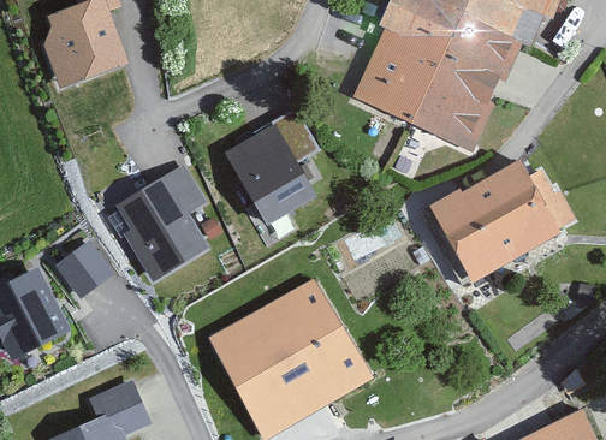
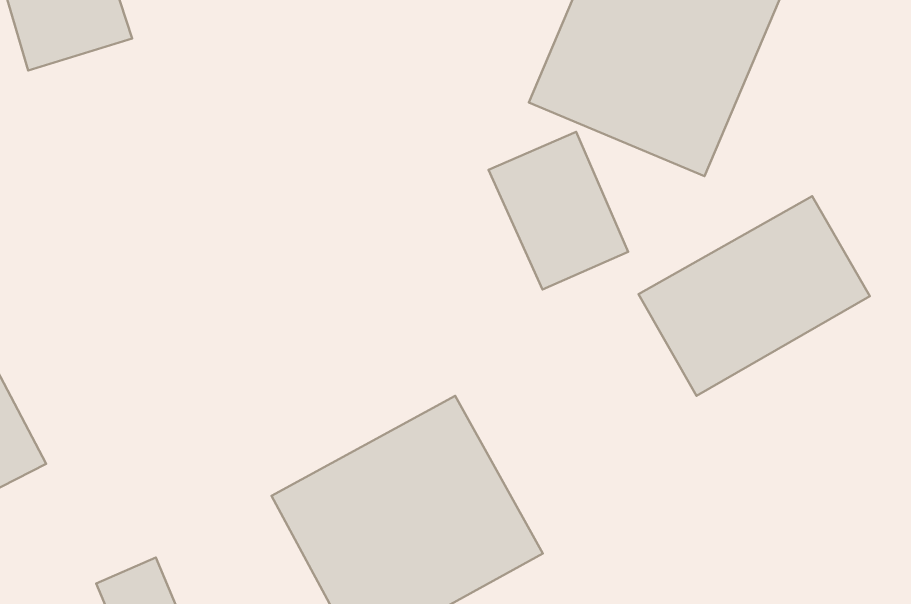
building: [234,127,319,222] -> [488,132,628,290]
building: [120,173,206,281] -> none
building: [60,239,112,291] -> none

